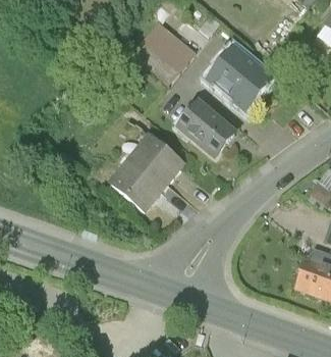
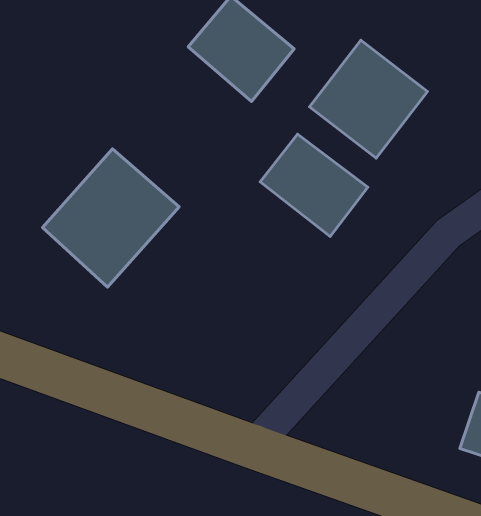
building: [105,129,186,211] -> [42,149,179,287]

